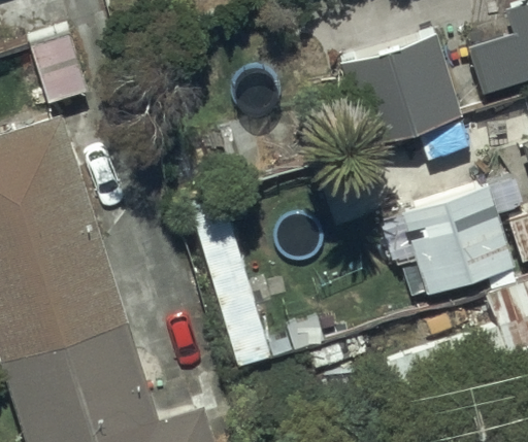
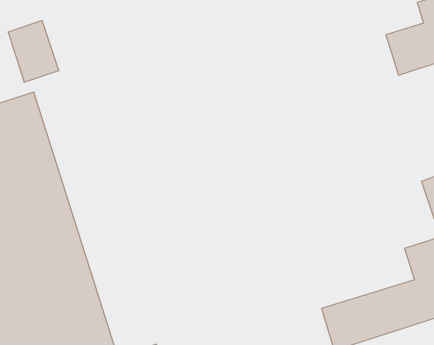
building: [345,36,463,145] -> none
building: [384,190,513,296] -> none

